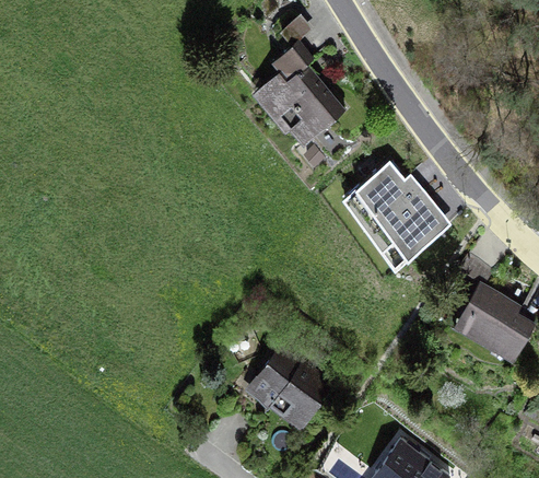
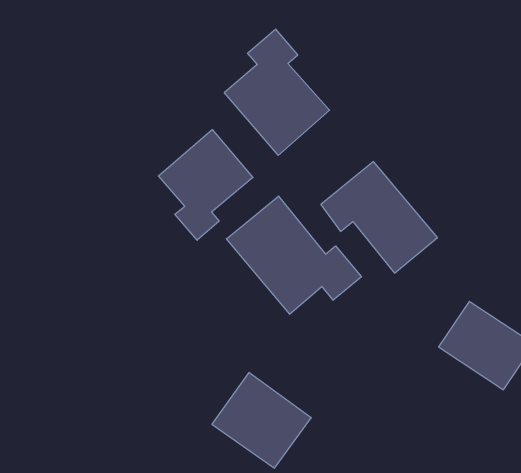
building: none -> [158,130,253,240]
building: none -> [226,196,361,314]

